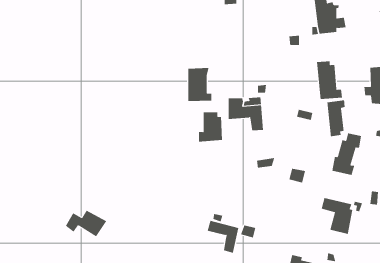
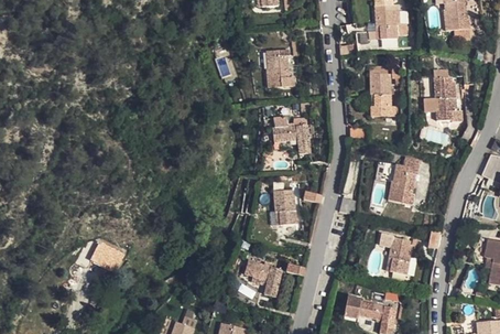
building: [187,67,212,102] -> [265,47,294,87]
building: [327,100,345,137] -> none
building: [198,112,223,142] -> [268,188,296,224]

